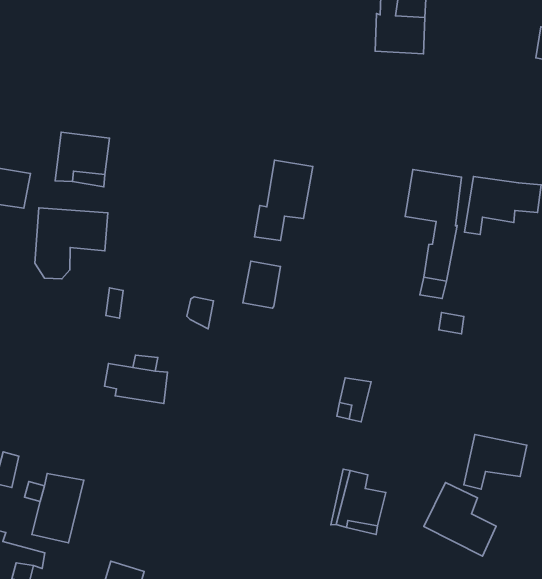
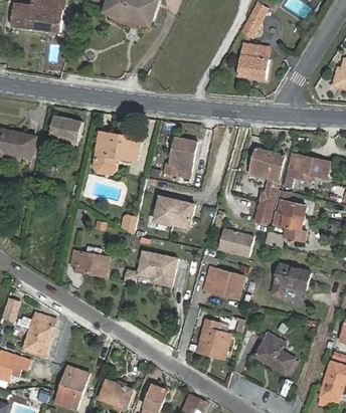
building: [35,208,108,279] -> [95,132,139,174]
building: none -> [278,199,308,240]
building: none -> [172,200,194,227]
building: none -> [219,228,255,256]
building: none -> [141,251,180,286]
building: none -> [219,270,245,298]
building: [464,434,527,489] -> [274,263,312,295]

